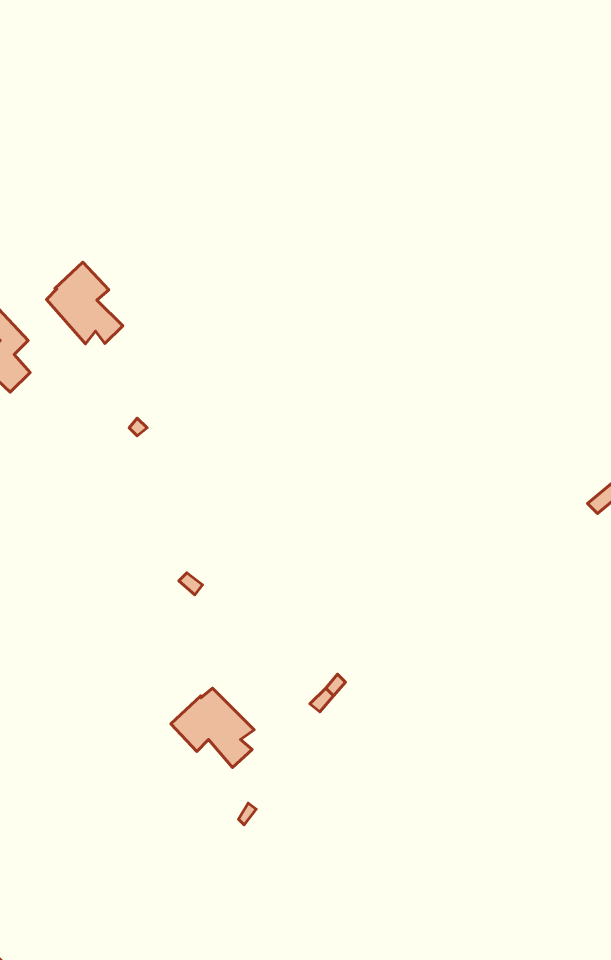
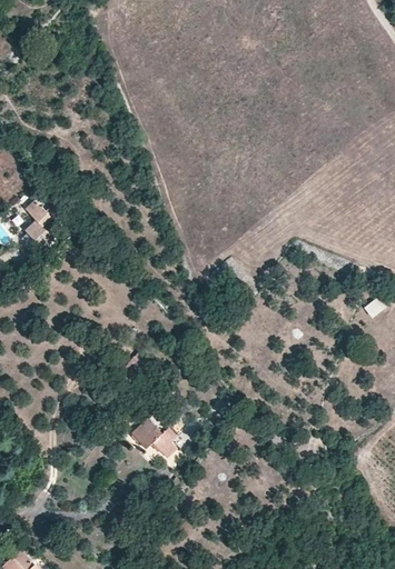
building: [47,262,123,344] -> none

